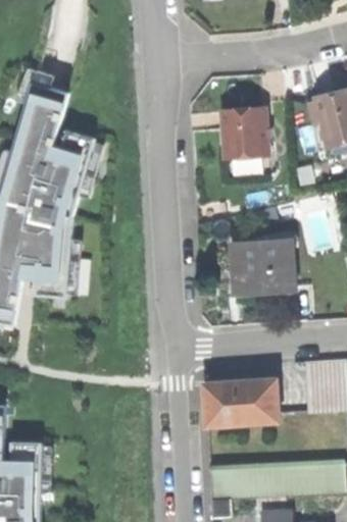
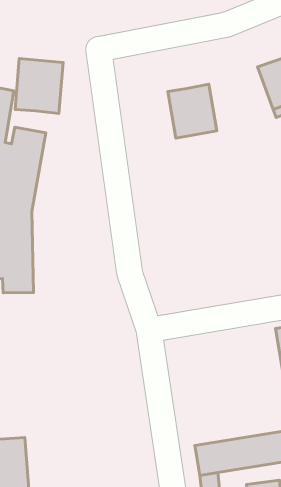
building: none -> [15,59,63,113]
building: [232,237,295,294] -> none
building: [208,380,281,425] -> none

